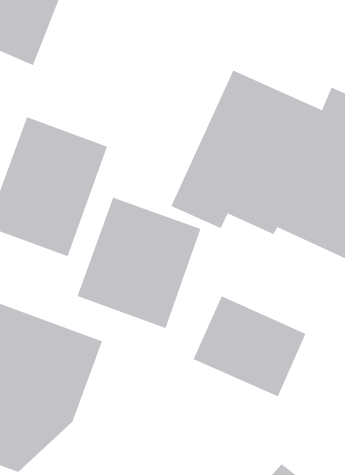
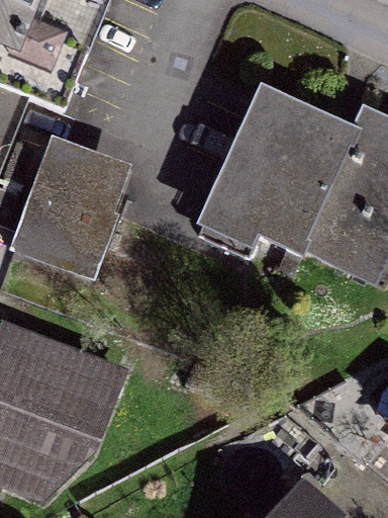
building: [77,197,201,329] -> none
building: [193,295,306,397] -> none

